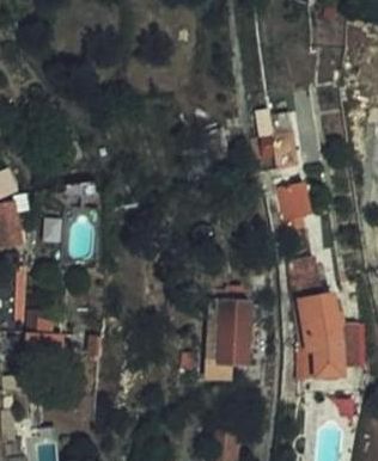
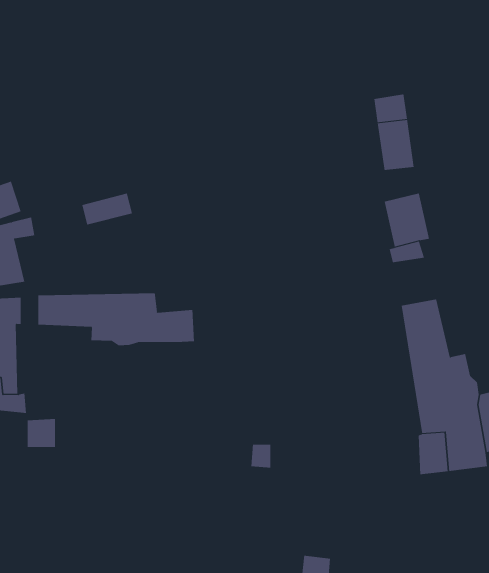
building: none -> [38,292,195,346]
building: [211,288,251,381] -> none

